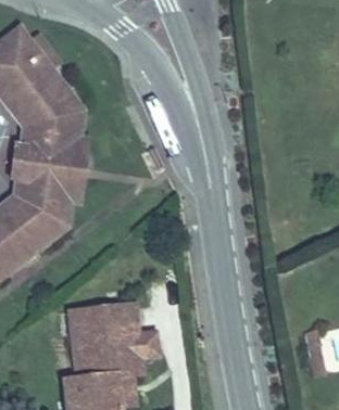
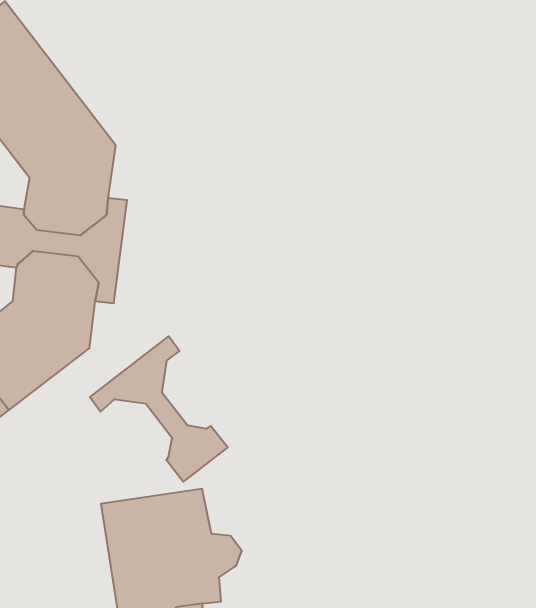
building: none -> [90,336,228,482]

